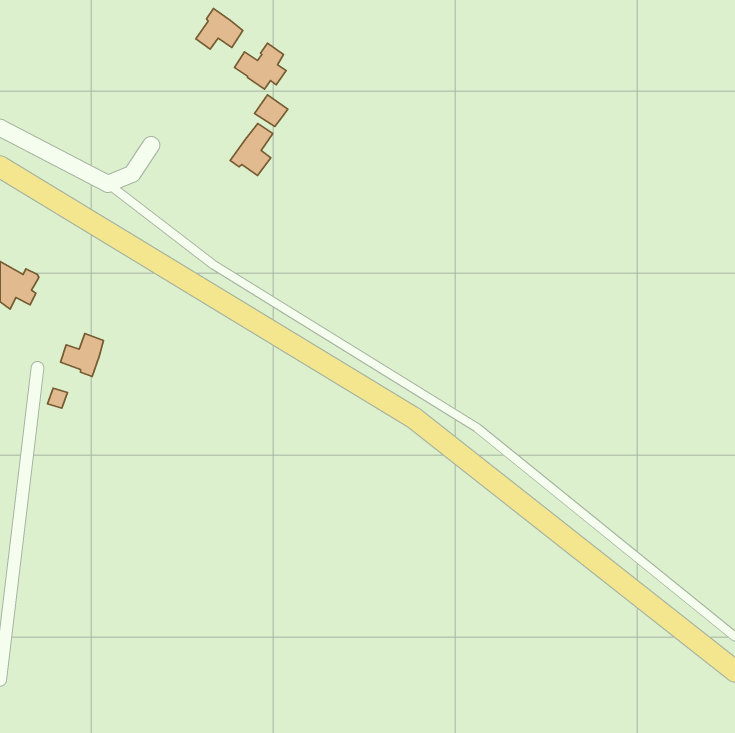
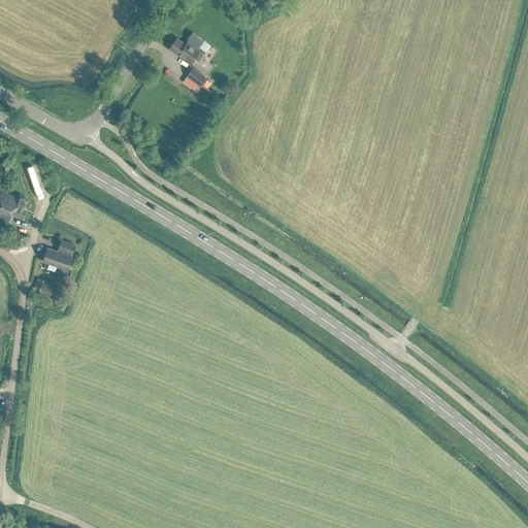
building: [196,9,243,49] -> none
building: [230,124,273,176] -> none

